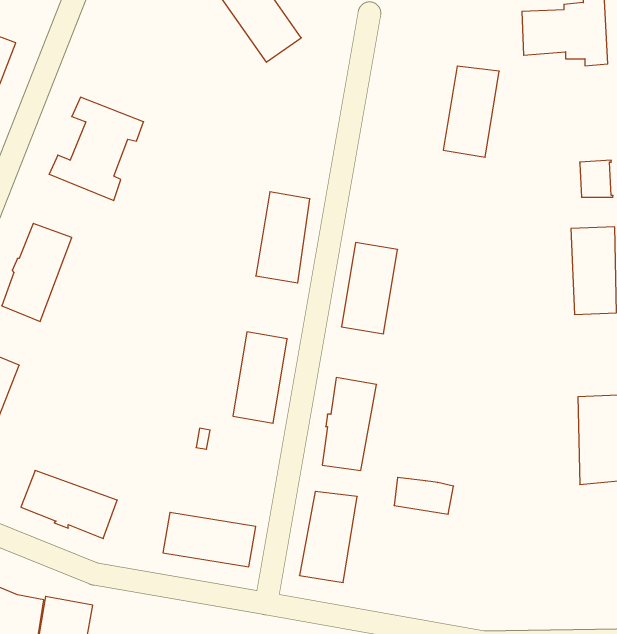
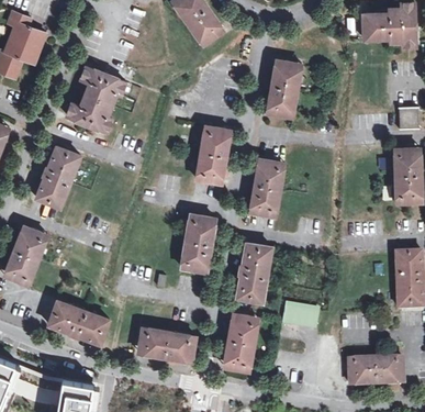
building: [443,66,499,157] -> [266,59,301,116]
building: none -> [349,358,405,387]

